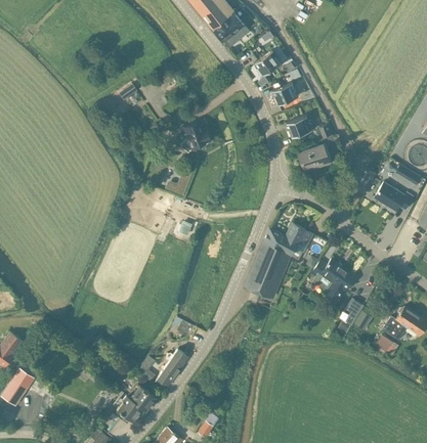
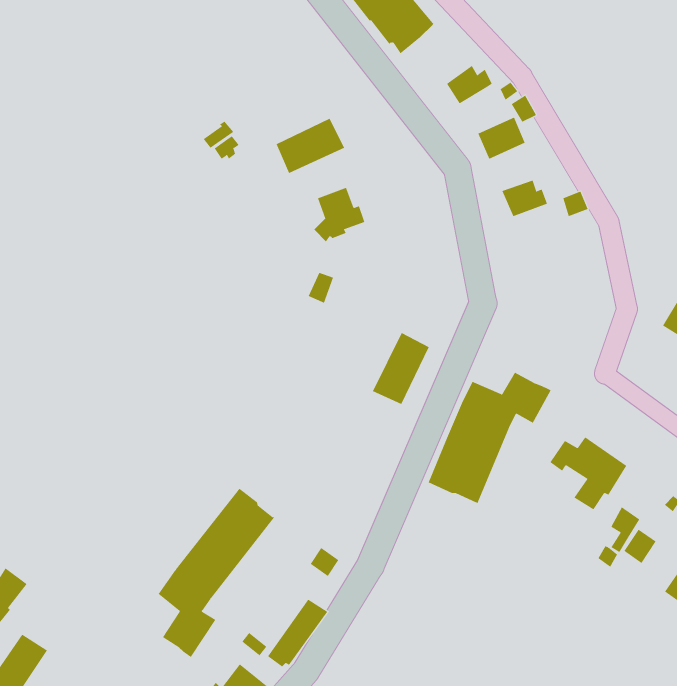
building: none -> [276,118,345,174]
building: [298,144,332,172] -> none
building: none -> [372,332,429,405]
building: none -> [158,488,275,658]

